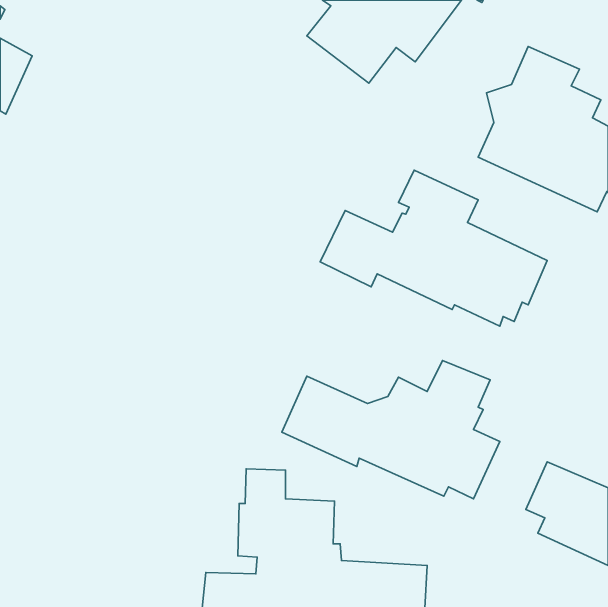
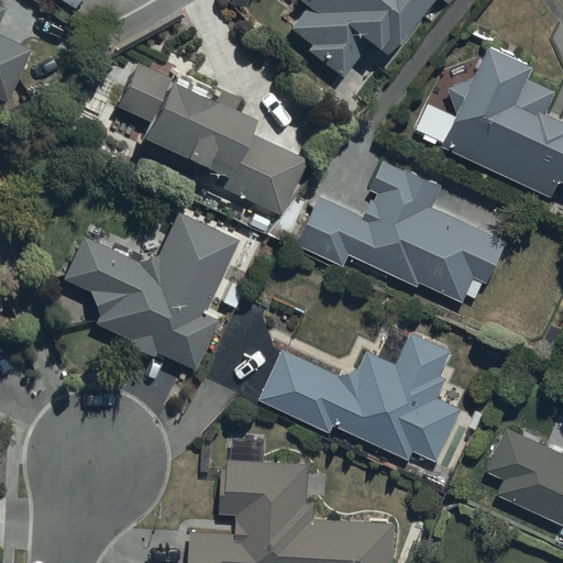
building: none -> [117,62,303,216]
building: none -> [63,211,236,372]

